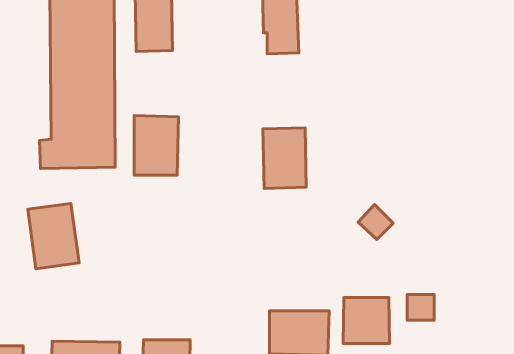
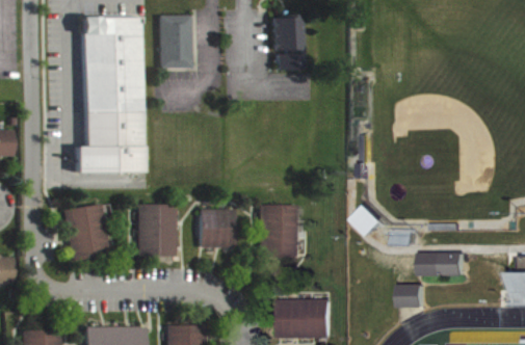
building: [134,116,178,175] -> [138,204,178,257]
building: [263,128,306,188] -> [262,205,300,259]
building: none -> [202,209,237,248]
building: none -> [424,253,468,276]
building: [343,298,389,344] -> none

